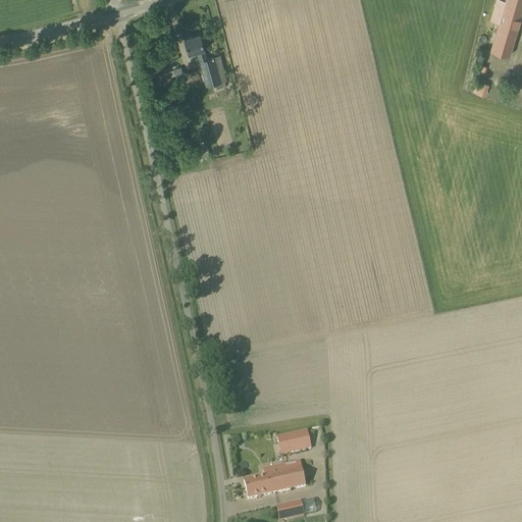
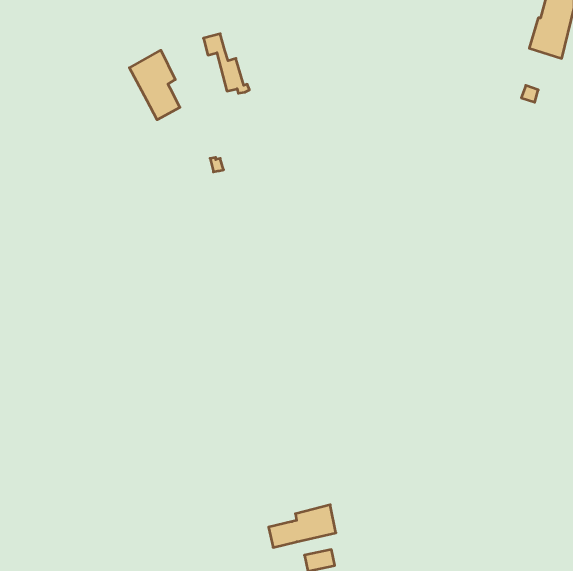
building: none -> [129,50,180,120]
building: [277,427,312,452] -> none

